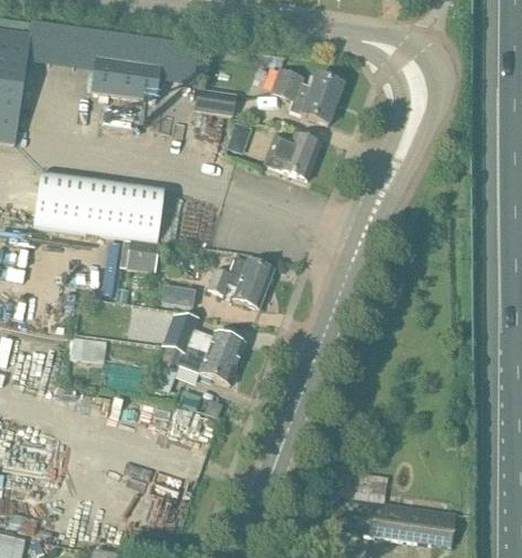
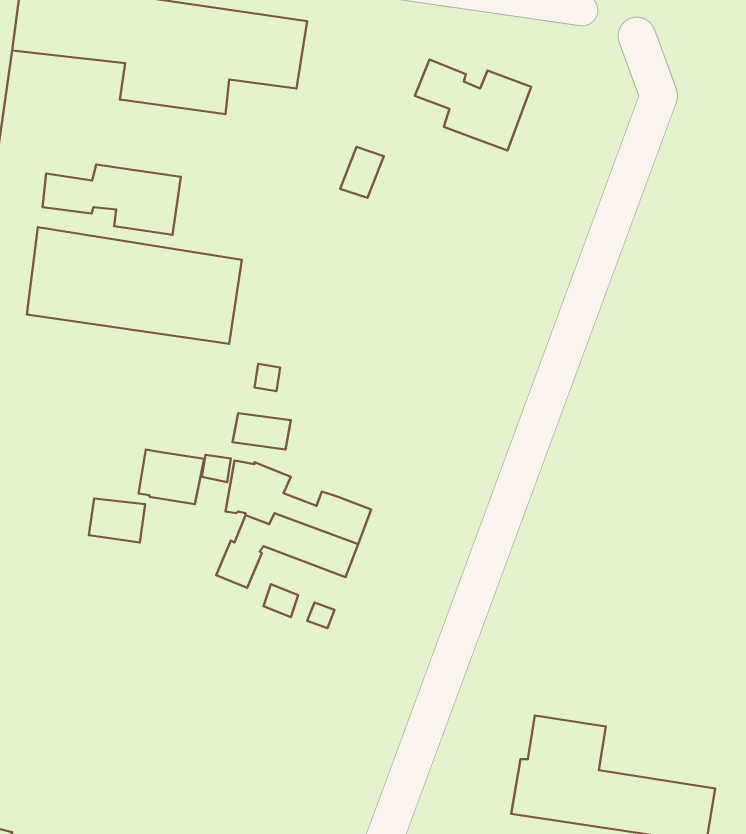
building: [195,89,235,115] -> none
building: [263,131,319,179] -> none
building: none -> [43,165,181,235]
building: [119,239,159,273] -> [139,450,204,504]
building: [207,255,273,307] -> none

